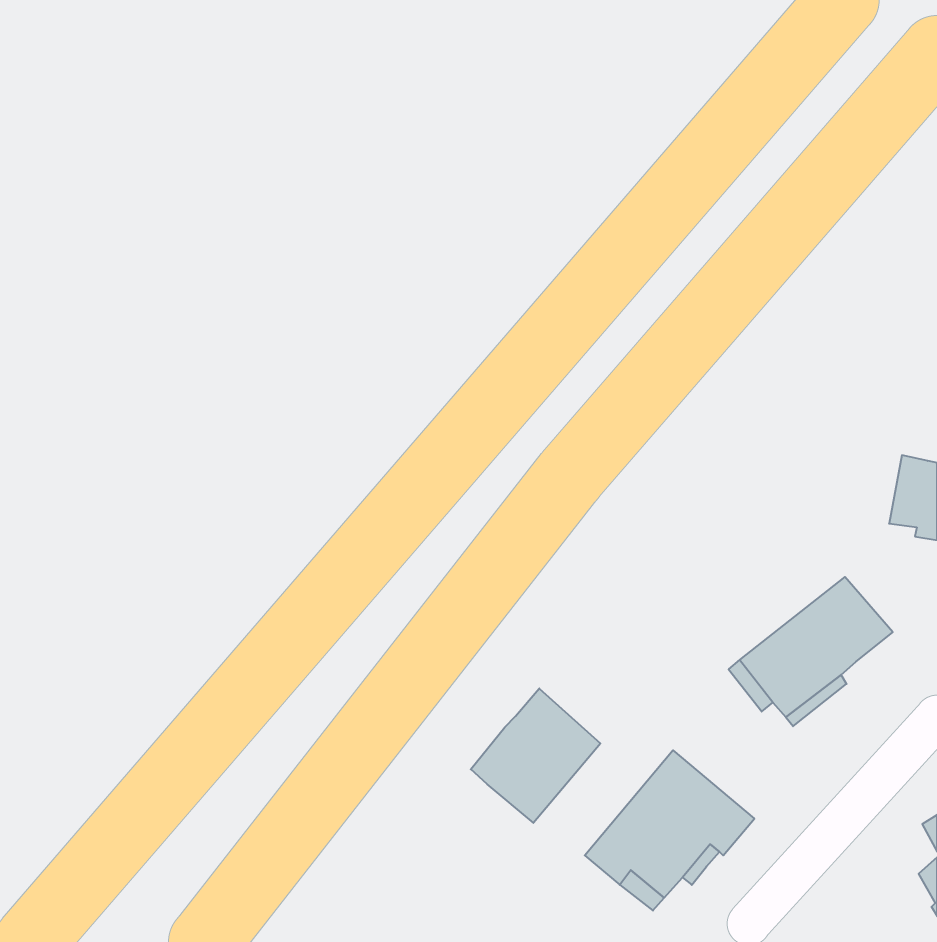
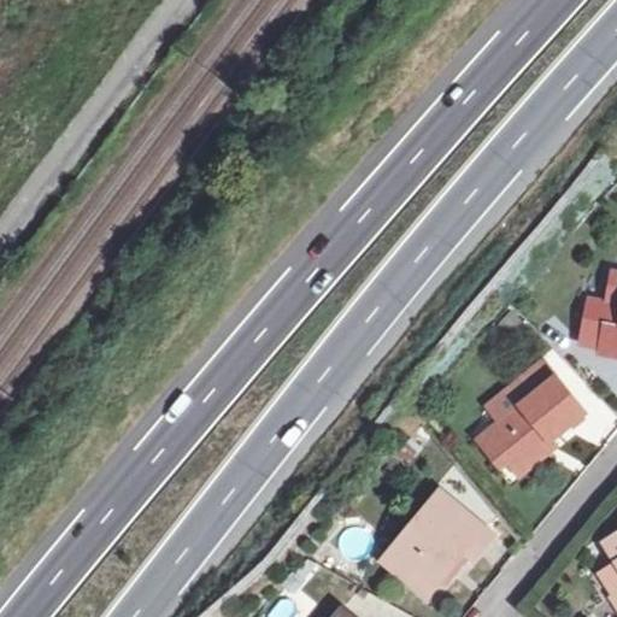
building: [471,688,600,823] -> none

